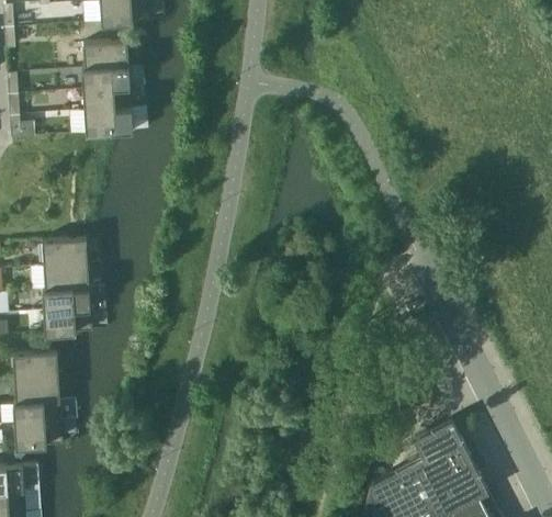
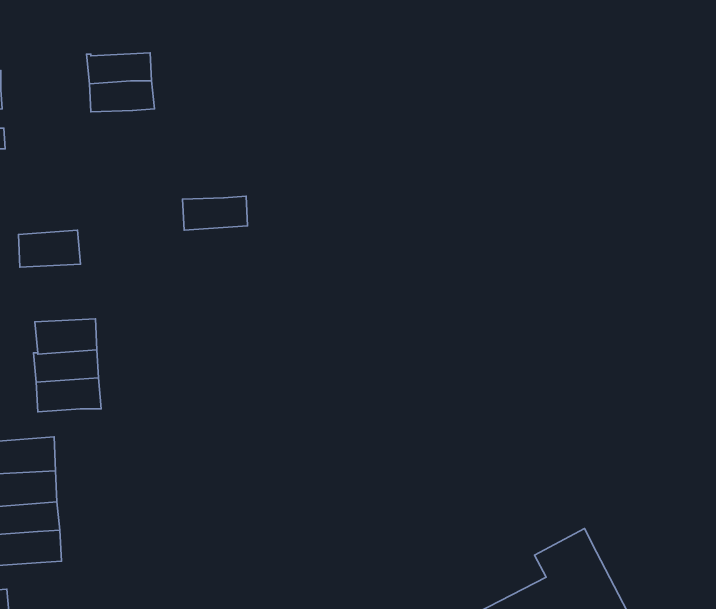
building: [83,42,129,69] -> none
building: [86,109,134,134] -> [183,196,248,230]
building: [43,239,89,267] -> [18,230,80,267]

